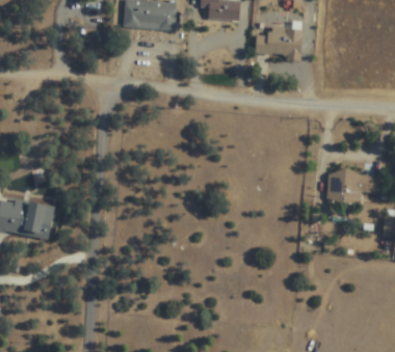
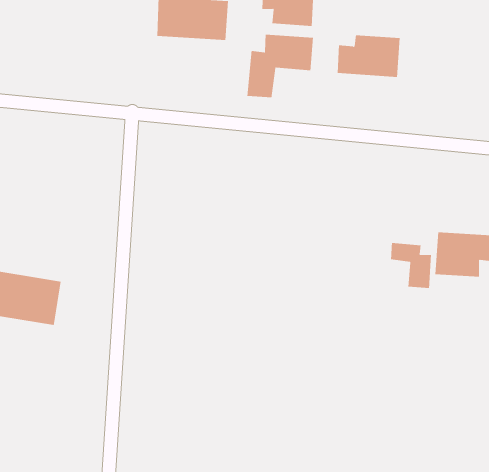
building: none -> [247,34,314,98]
building: none -> [391,242,432,289]

